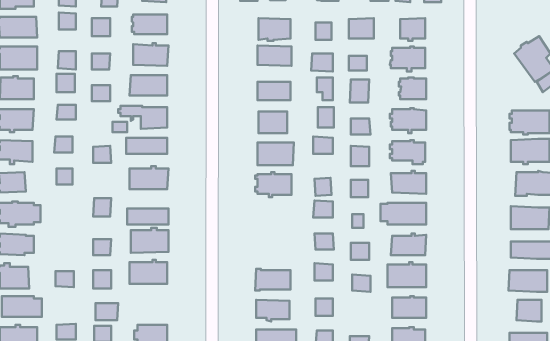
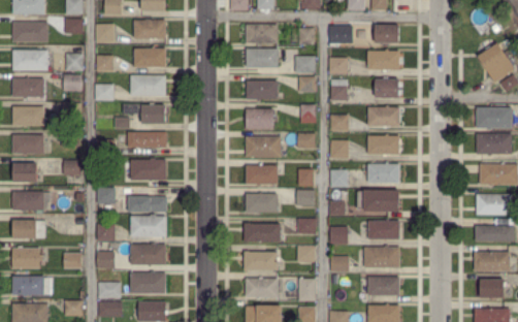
building: none -> [247,193,277,211]
building: none -> [245,222,280,243]
building: none -> [131,271,166,293]

